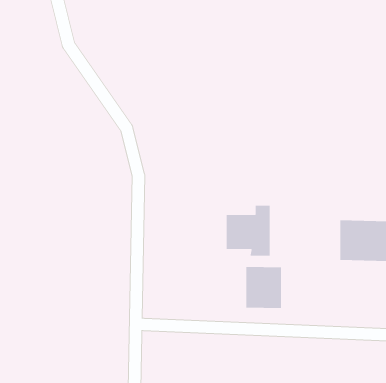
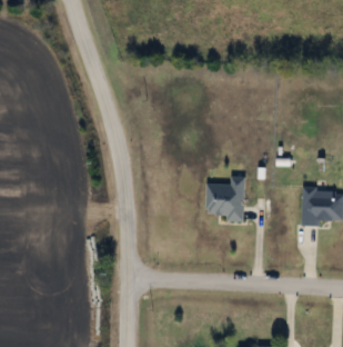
building: [245,266,282,309] -> none

